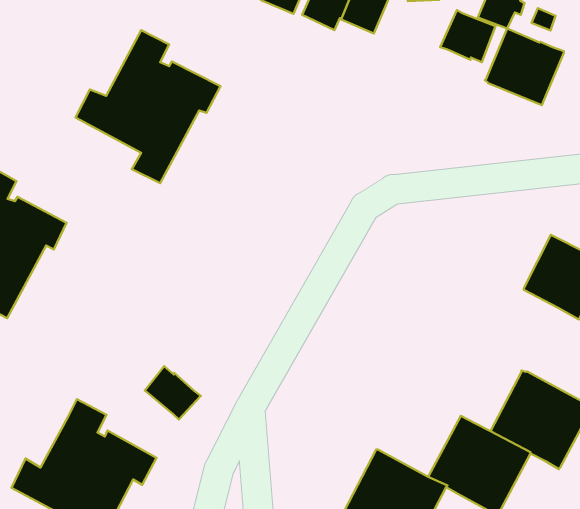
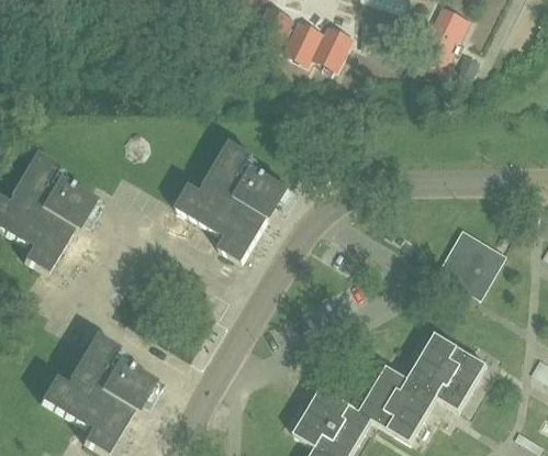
building: [440,10,495,62] -> none
building: [485,29,564,105] -> none
building: [76,30,221,183] -> [178,144,290,262]
building: [145,366,201,420] -> none

